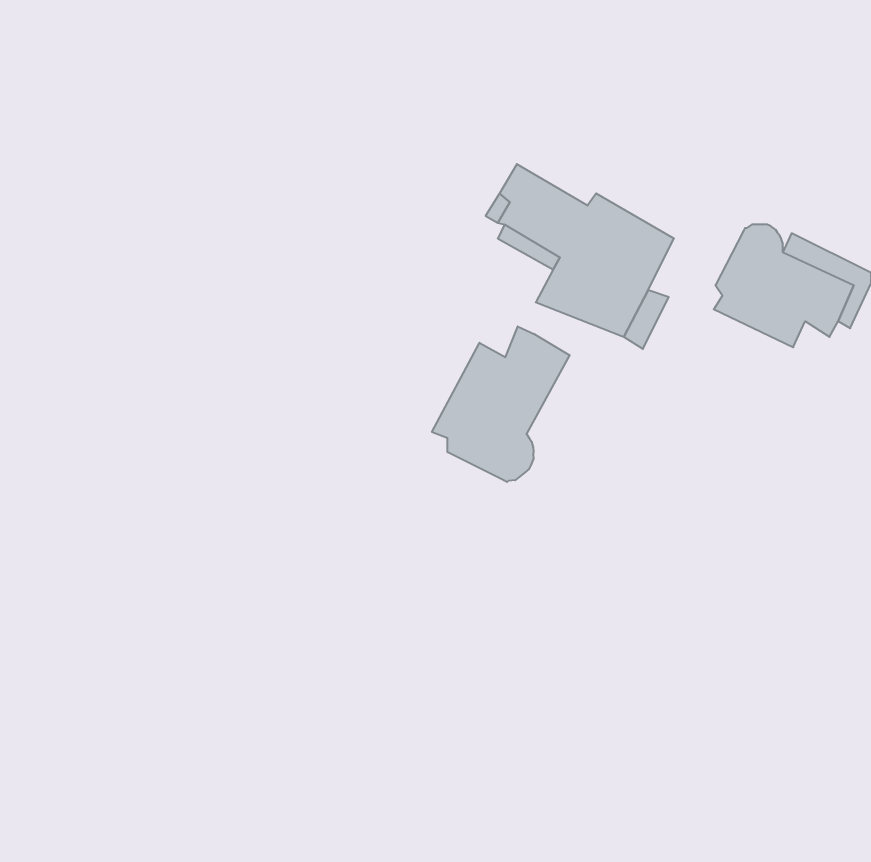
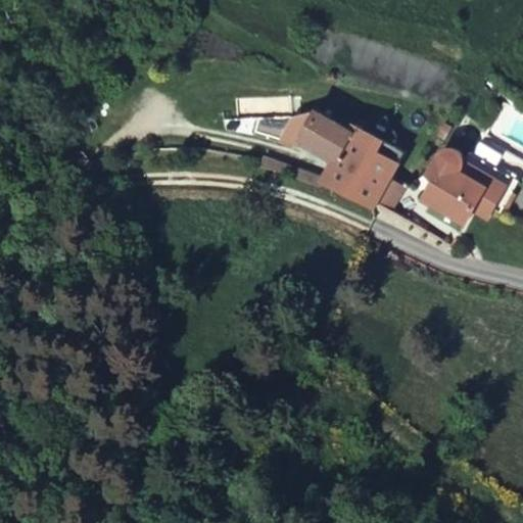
building: [432,326,570,482] -> none

